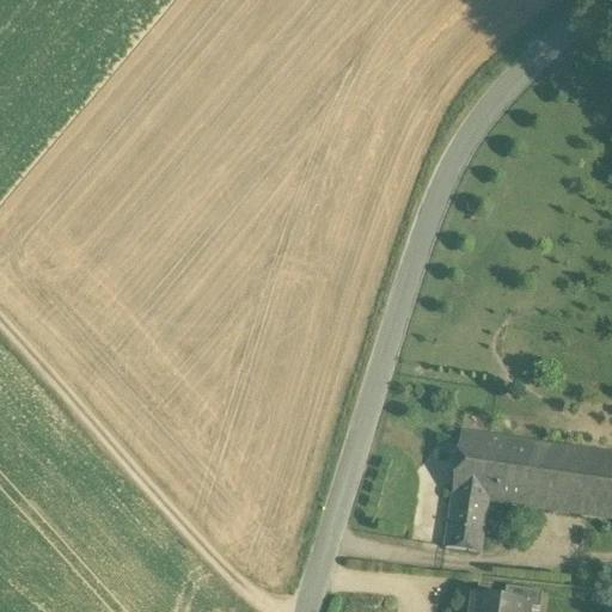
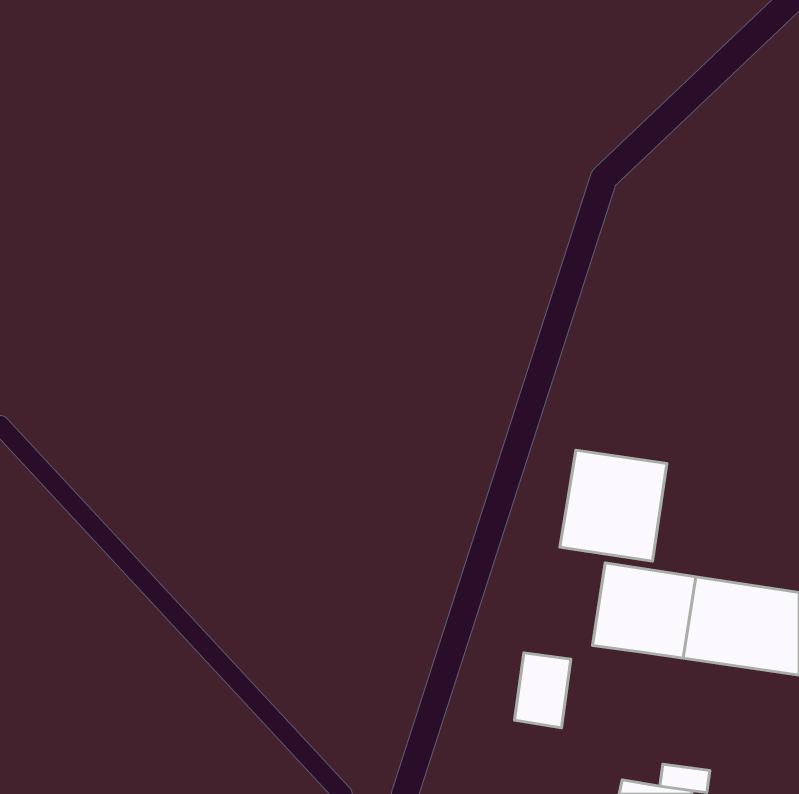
building: none -> [560,450,667,561]
building: [446,494,489,551] -> [515,653,571,728]

